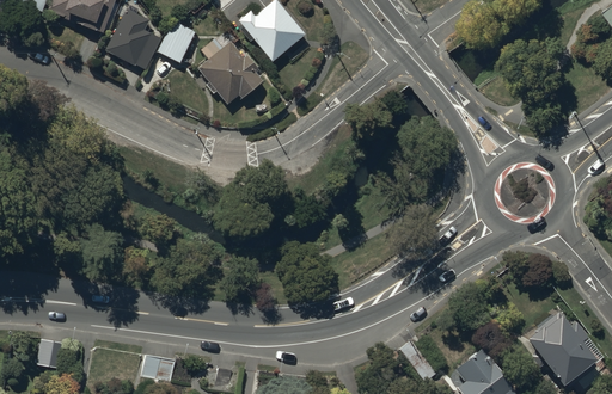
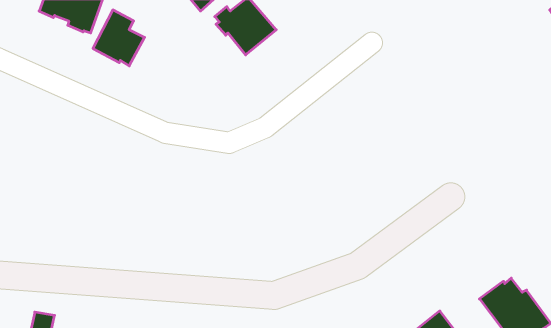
building: [157,26,195,69] -> none
building: [197,38,263,105] -> none

